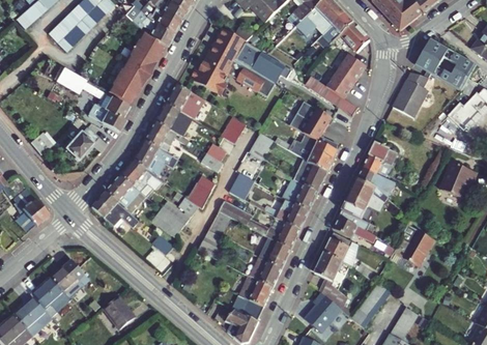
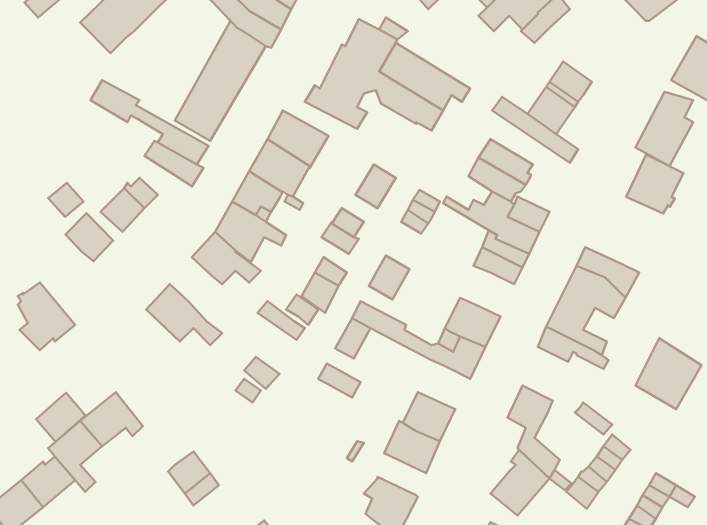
building: [340,22,369,53] -> none
building: [362,143,397,179] -> [626,155,683,214]
building: none -> [66,213,113,261]
building: [107,175,145,214] -> none
building: [282,179,318,211] -> none
building: [152,209,184,238] -> none
building: [323,233,357,269] -> none
building: [259,238,291,268] -> none
building: none -> [36,393,86,442]
building: [233,296,264,321] -> none

